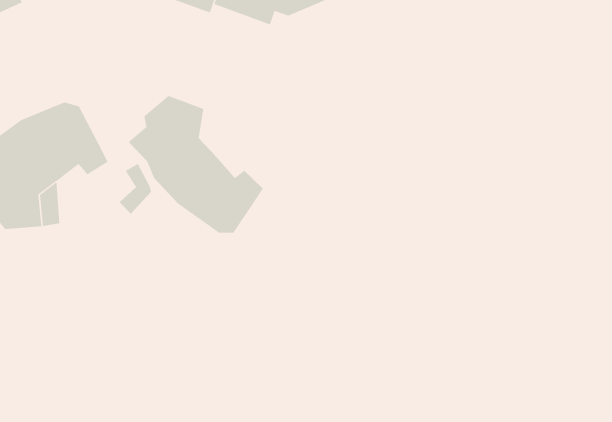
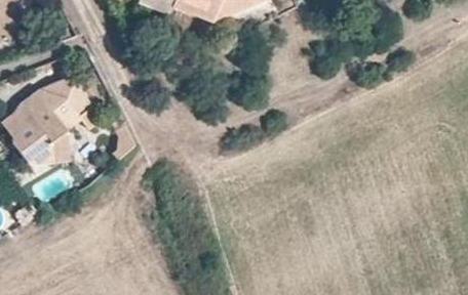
building: [128,95,264,234] -> none

